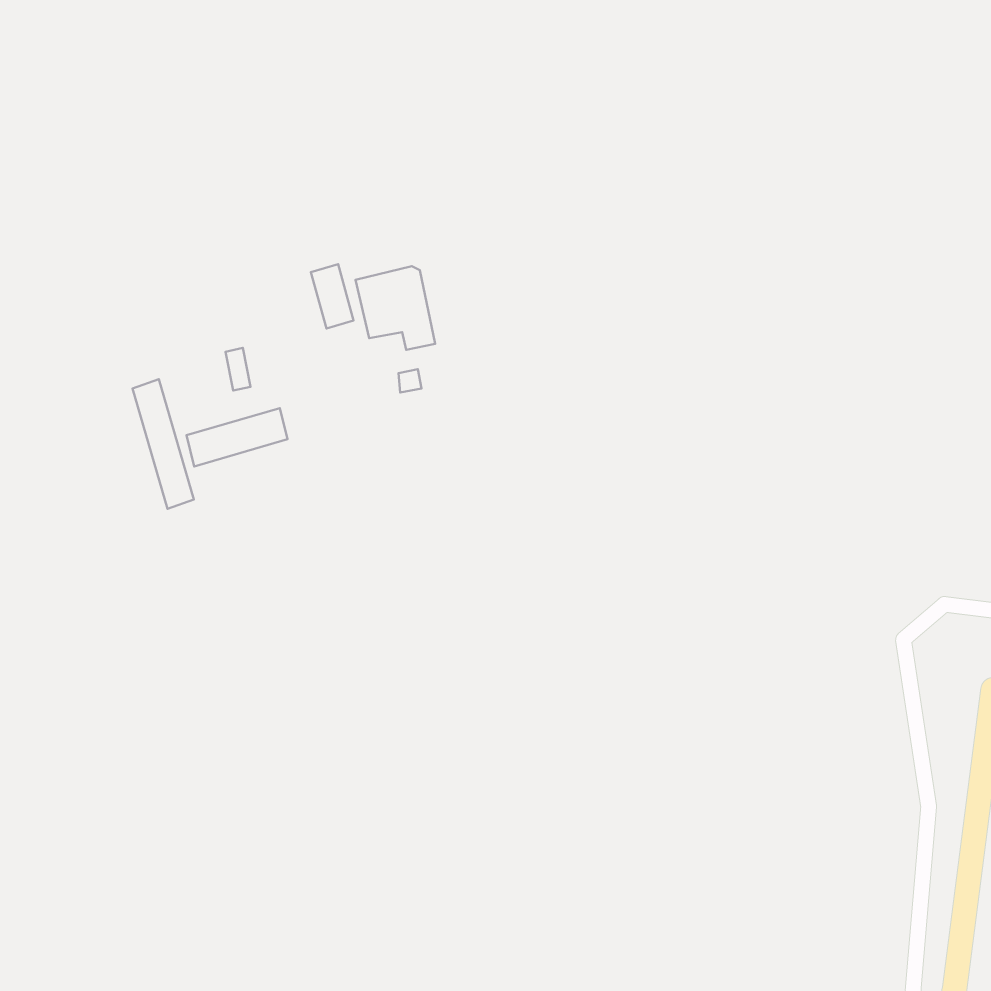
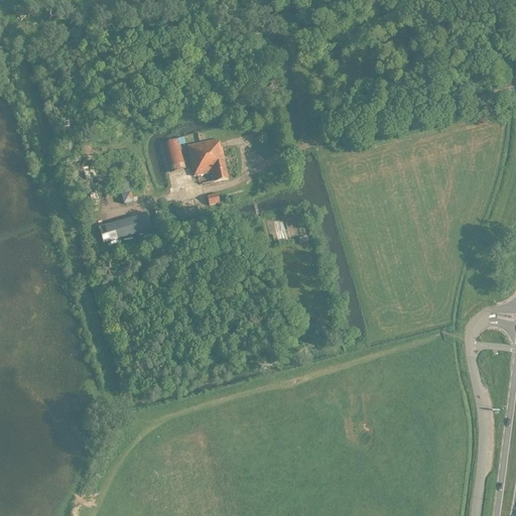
building: [132,379,194,509] -> none

